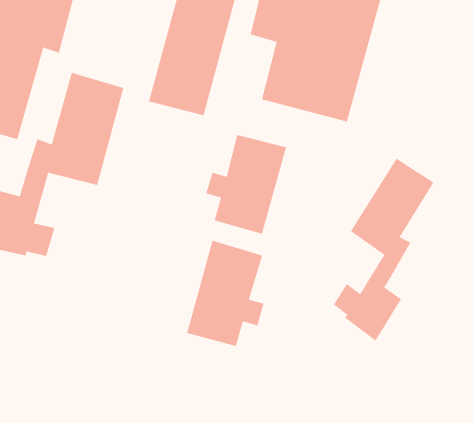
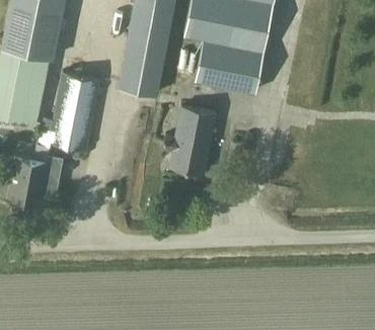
building: [333,158,434,342] -> none
building: [186,240,264,347] -> none

